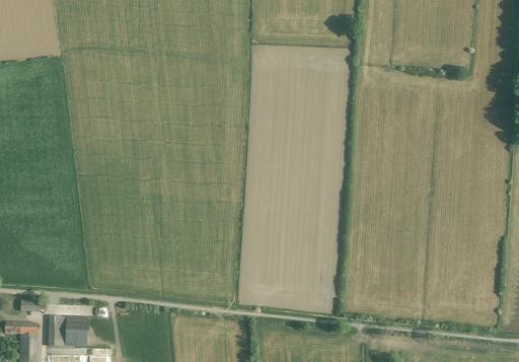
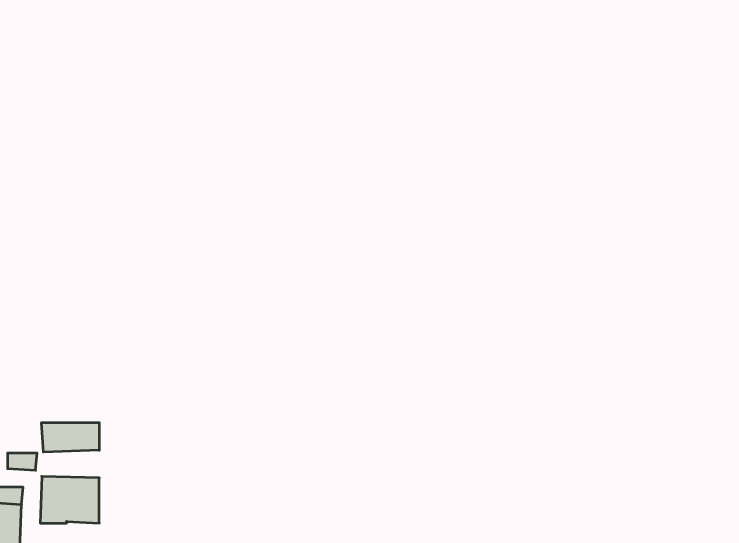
building: none -> [42,423,99,452]

